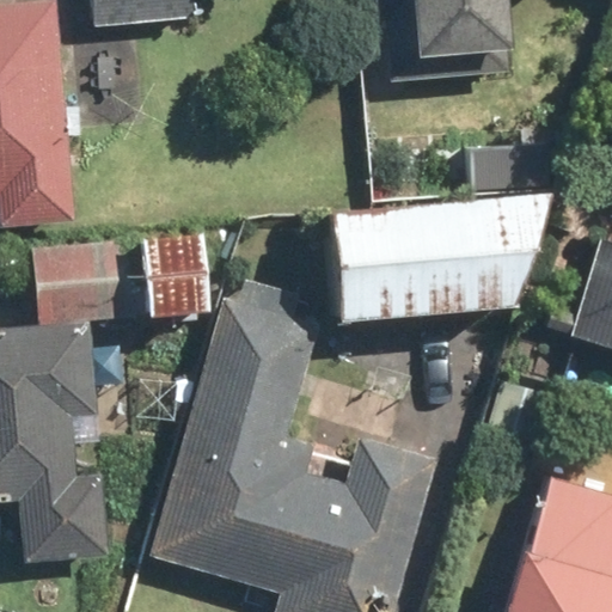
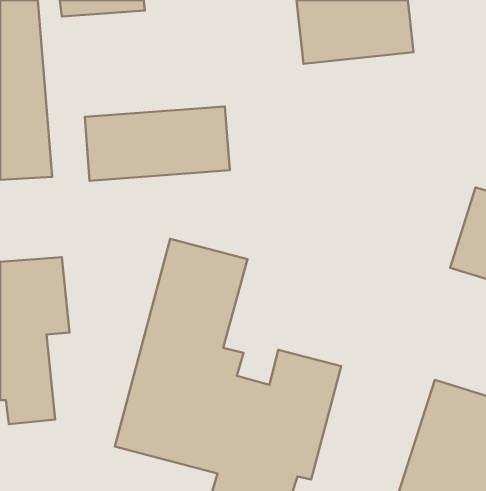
building: [314,194,553,322] -> none
building: [27,233,207,325] -> [85,106,230,181]

